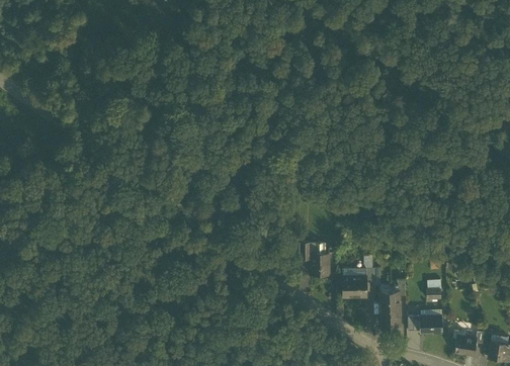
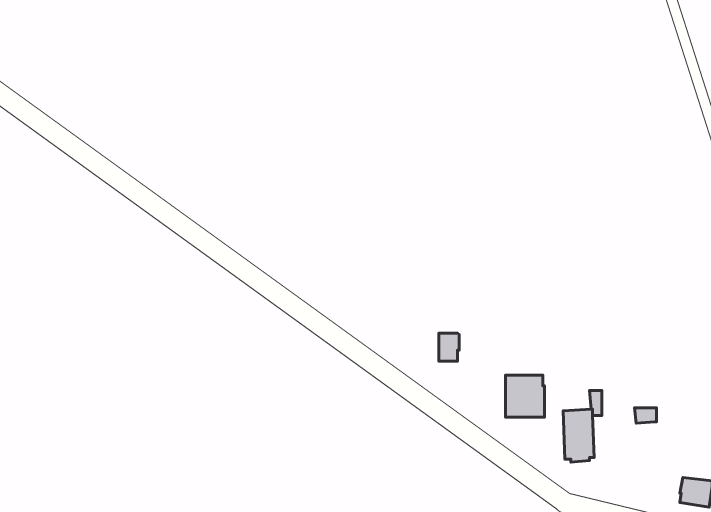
building: [311,241,329,274] -> none
building: [420,310,442,333] -> none

